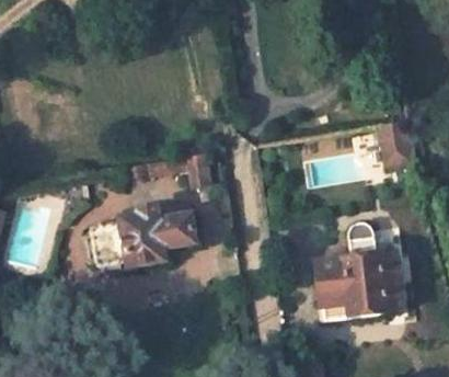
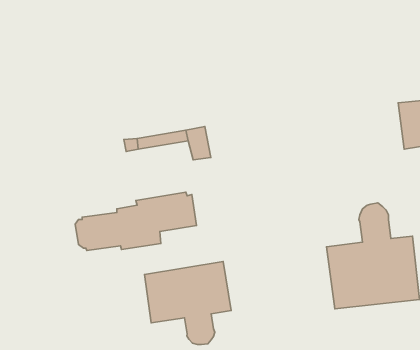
building: none -> [144,261,231,345]

